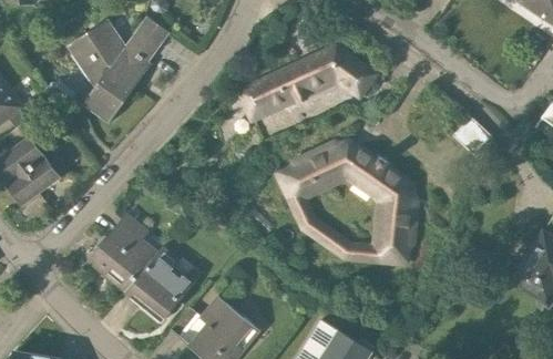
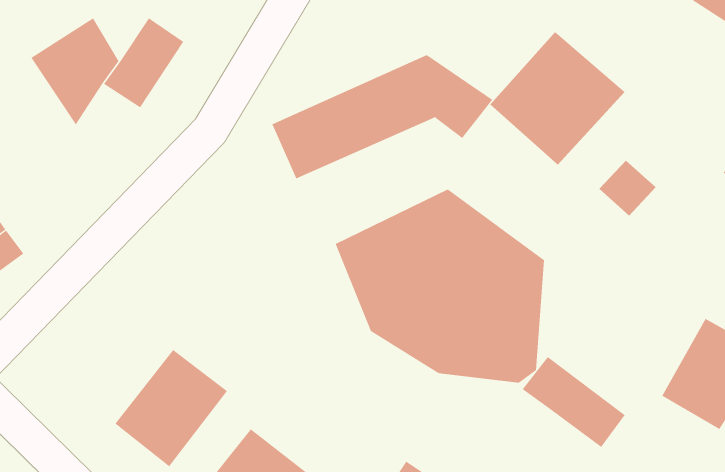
building: none -> [490,31,625,166]
building: [84,61,141,124] -> none
building: [84,213,163,294] -> none
building: none -> [522,356,626,448]

